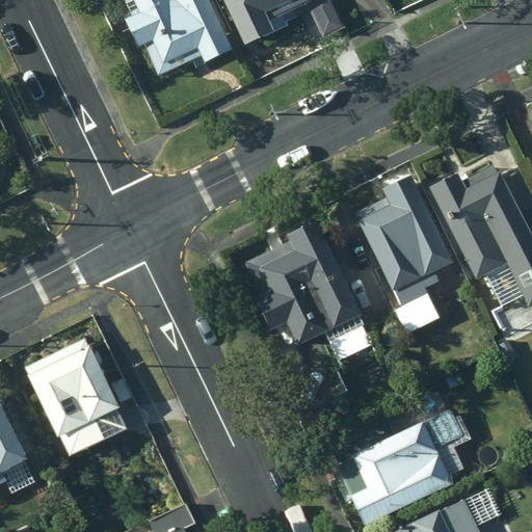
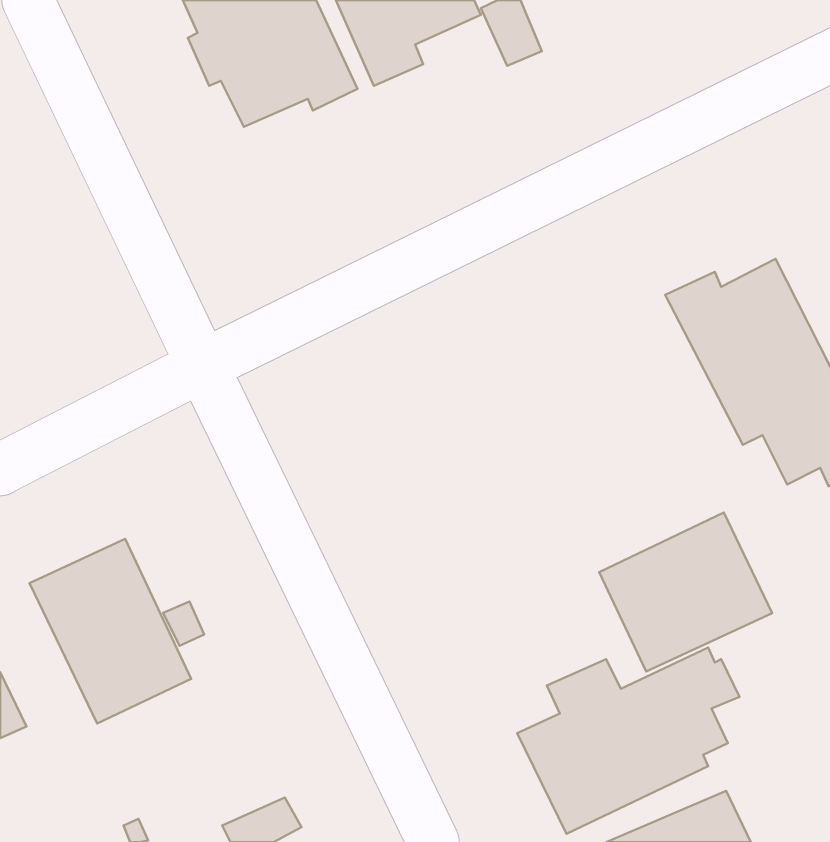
building: [356,174,454,308] -> none
building: [246,221,370,345] -> none
building: none -> [599,513,772,671]

